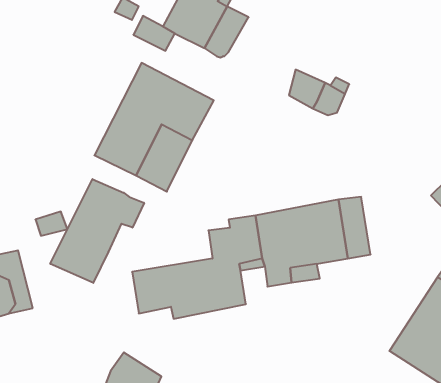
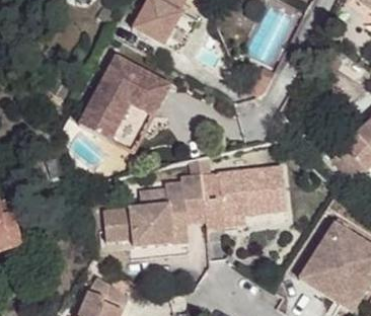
building: [50,179,144,283] -> none

